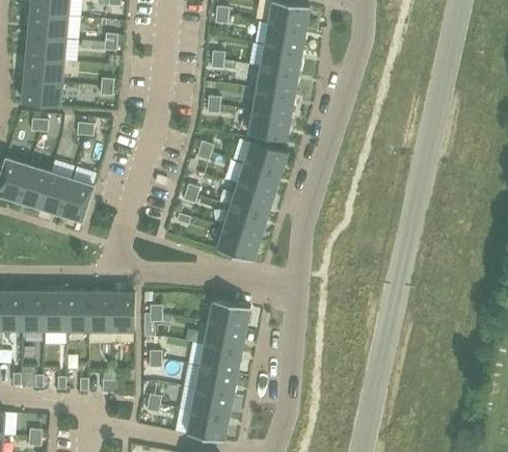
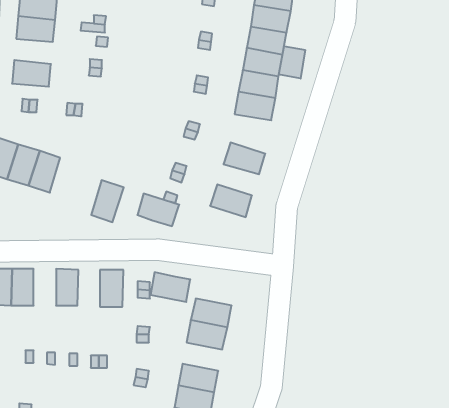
building: [24,57,63,83] -> none
building: none -> [279,46,305,79]
building: [244,140,287,175] -> none
building: [60,179,93,221] -> [91,180,124,222]
building: [231,185,273,217] -> none
building: [217,228,260,261] -> [137,194,179,226]
building: [44,292,66,329] -> none
building: [88,293,111,330] -> none
building: [209,299,249,329] -> [151,272,190,302]
building: [195,367,236,396] -> none

